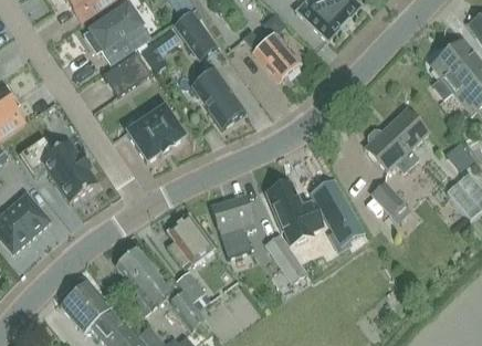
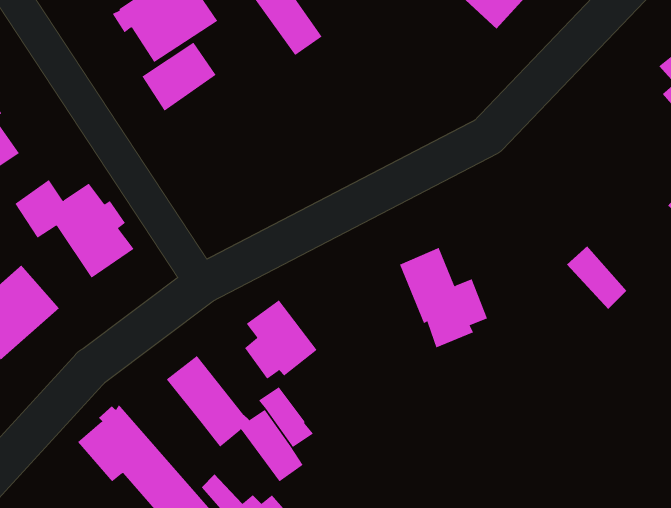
building: [243,30,301,82] -> none
building: [190,66,245,127] -> none
building: [126,105,184,160] -> none
building: [364,108,428,174] -> none
building: [311,179,363,250] -> none
building: [211,193,255,249] -> none
building: [265,232,307,282] -> none

